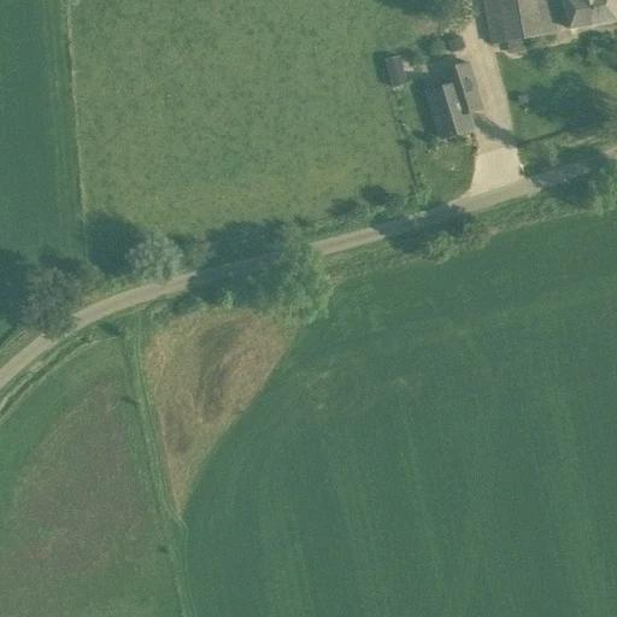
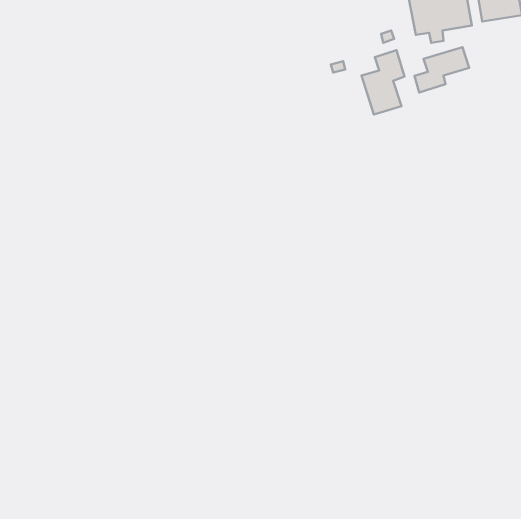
building: none -> [415,47,469,92]

